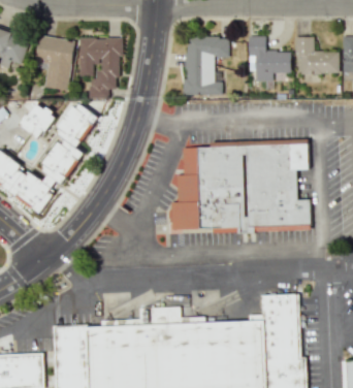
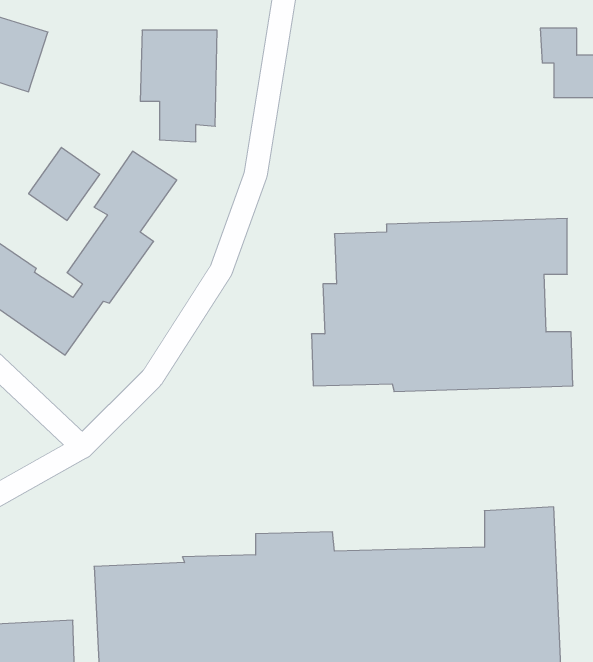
building: [34,36,74,91] -> none
building: [248,36,290,82] -> none
building: [182,37,228,95] -> none

